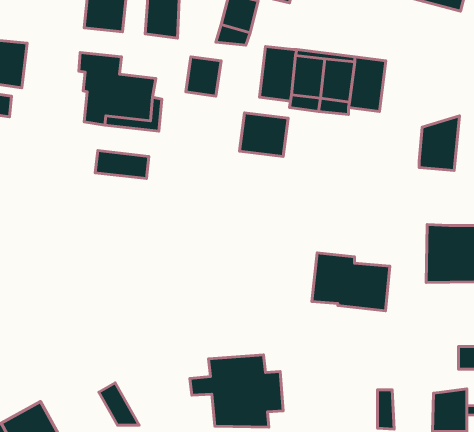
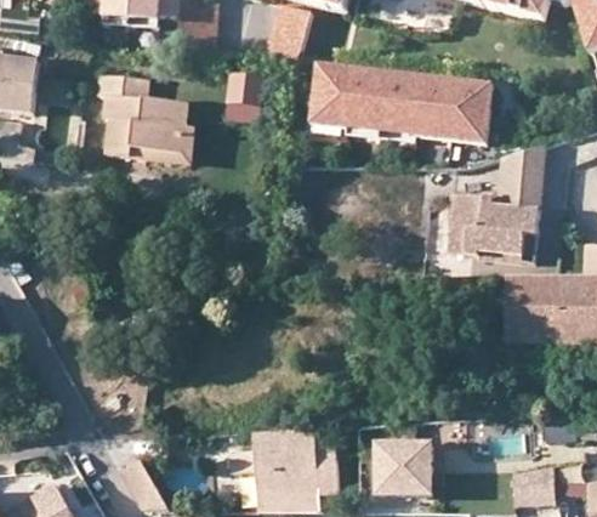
building: none -> [450,79,493,142]
building: [240,113,288,156] -> none
building: [95,151,149,179] -> none
building: [312,253,390,311] -> [447,192,538,260]
building: none -> [375,441,430,489]

